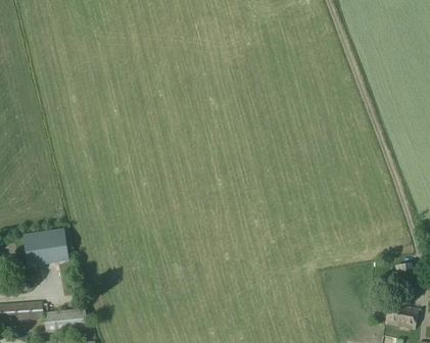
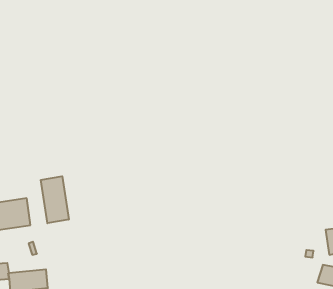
building: none -> [41,176,69,223]

